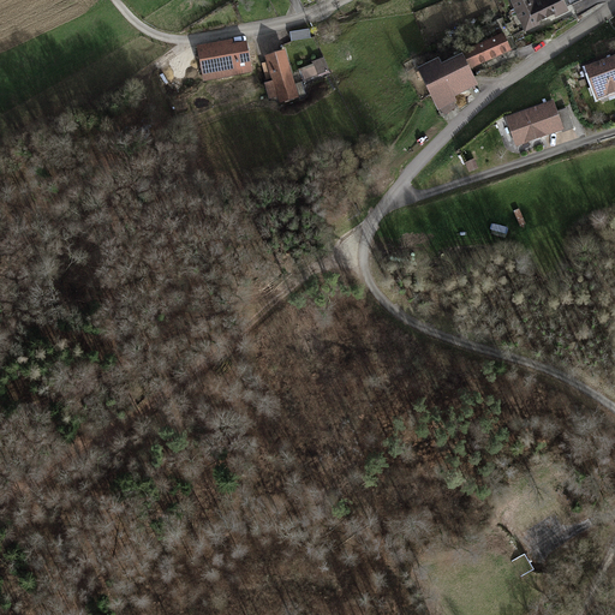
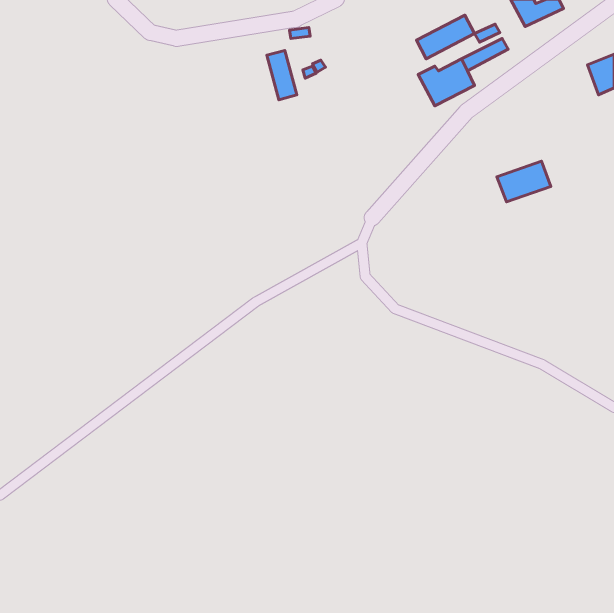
building: none -> [416,15,475,59]
building: [198,40,251,78] -> none
building: [507,101,561,142] -> [497,161,551,202]

